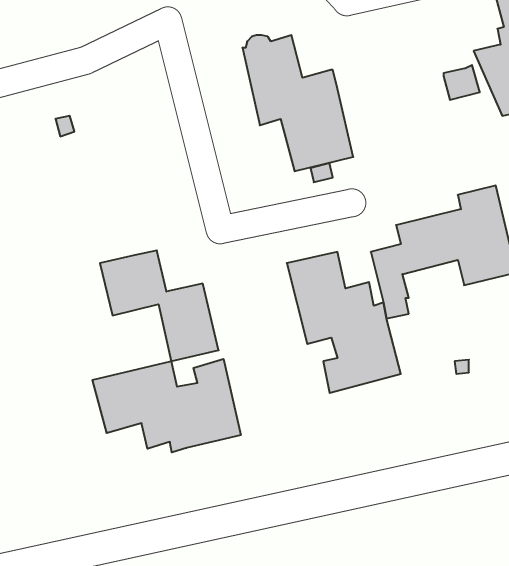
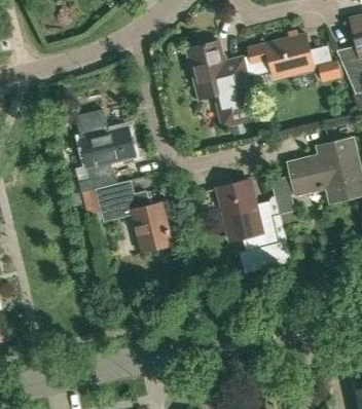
building: none -> [243,34,313,77]
building: none -> [74,109,136,192]
building: [92,359,241,452] -> none

